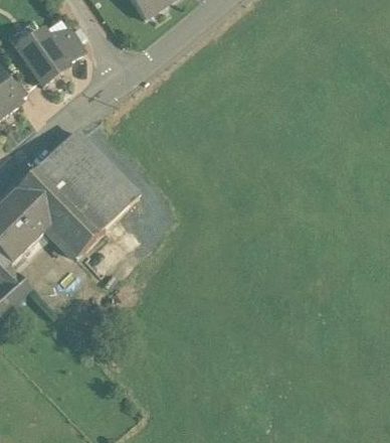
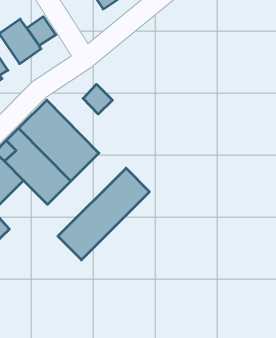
building: none -> [83,84,112,114]
building: none -> [58,168,149,260]

